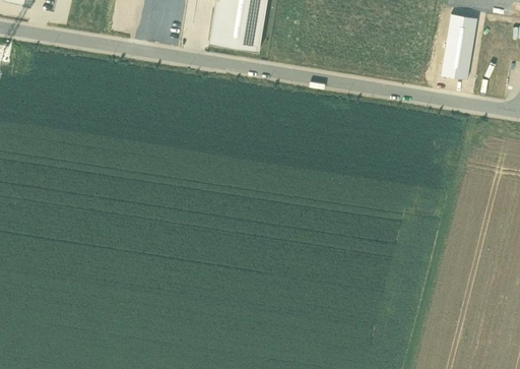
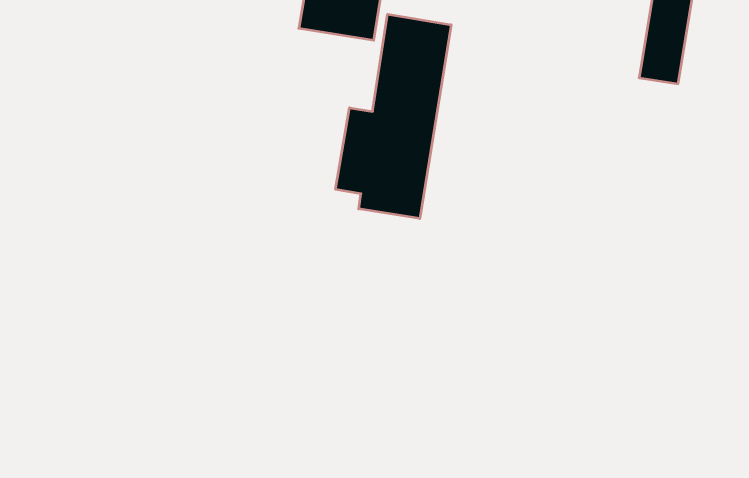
building: none -> [336,14,451,219]

